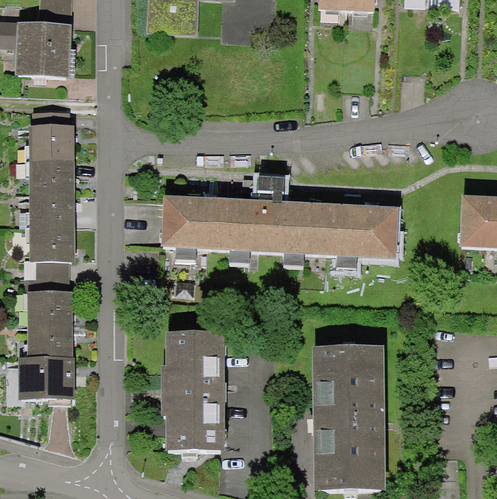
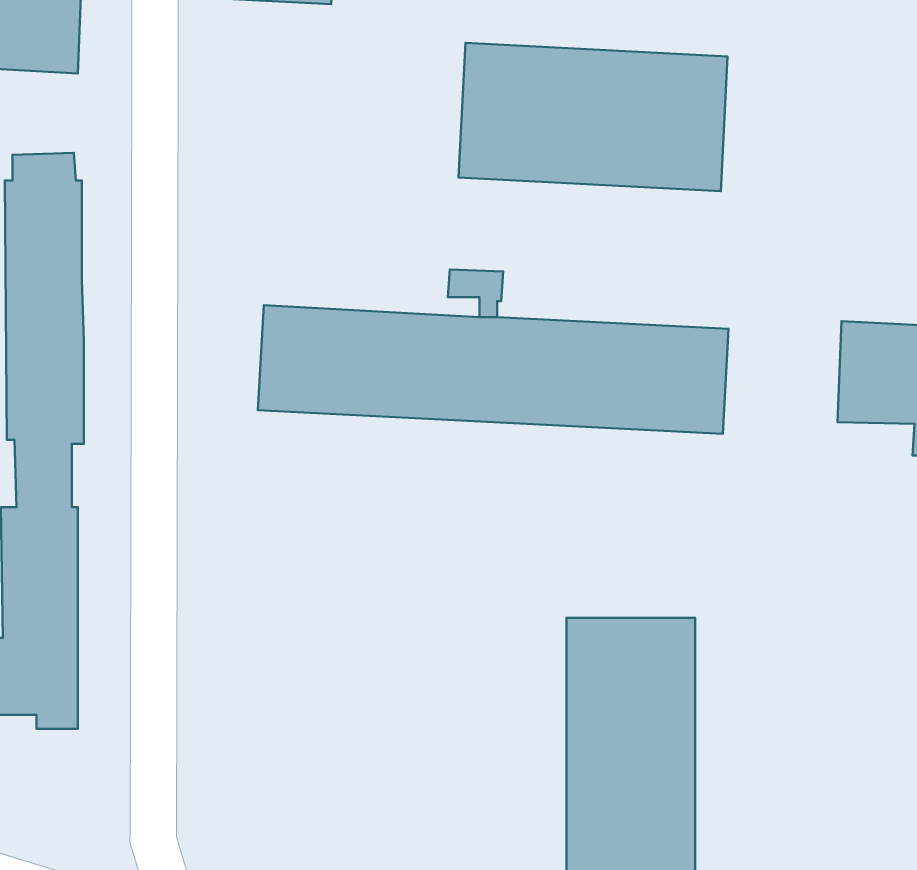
building: none -> [459,43,728,191]
building: [162,336,221,450] -> none

